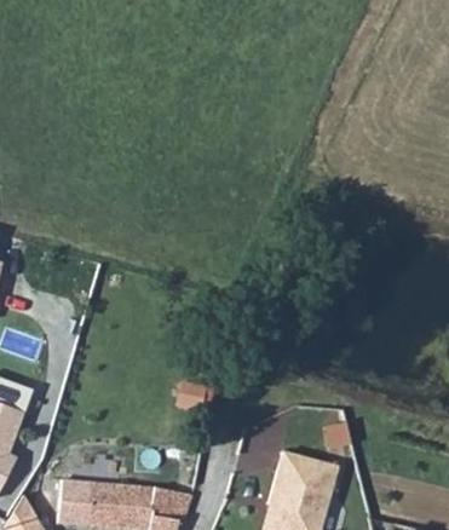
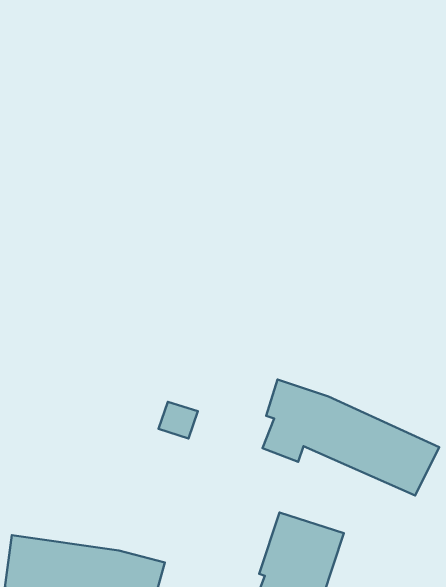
building: none -> [263,380,439,496]

